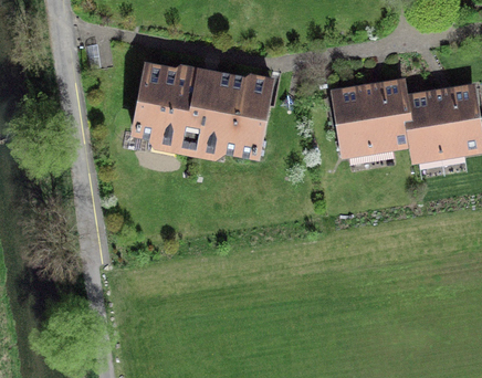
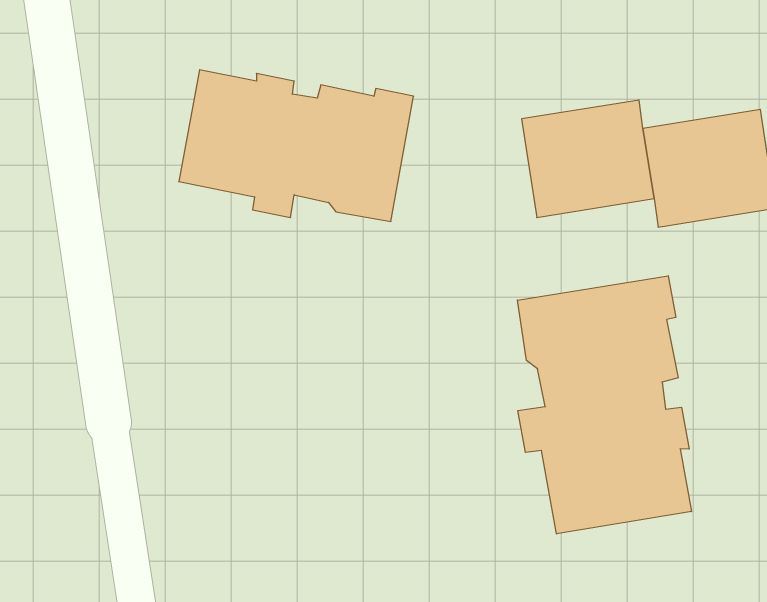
building: none -> [517,276,691,534]

